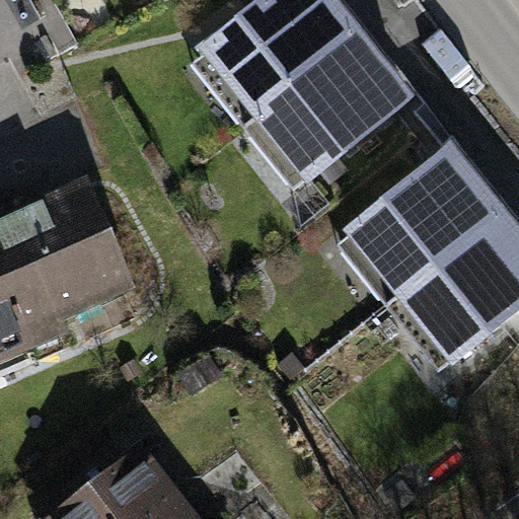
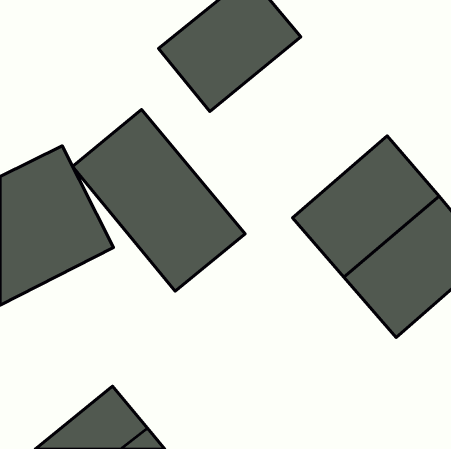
building: [246,42,407,196] -> none
building: none -> [72,110,245,291]

